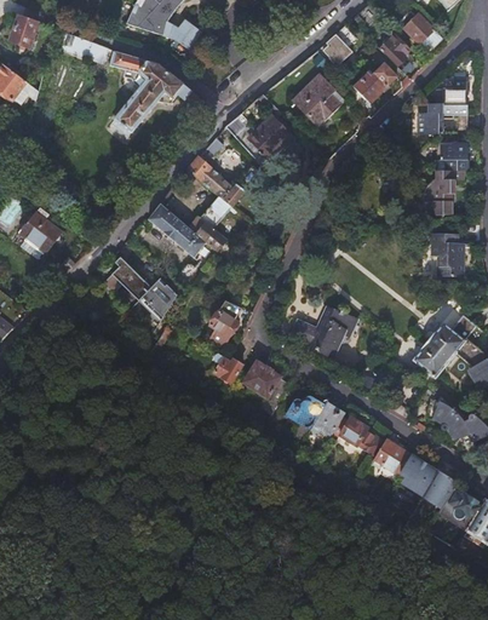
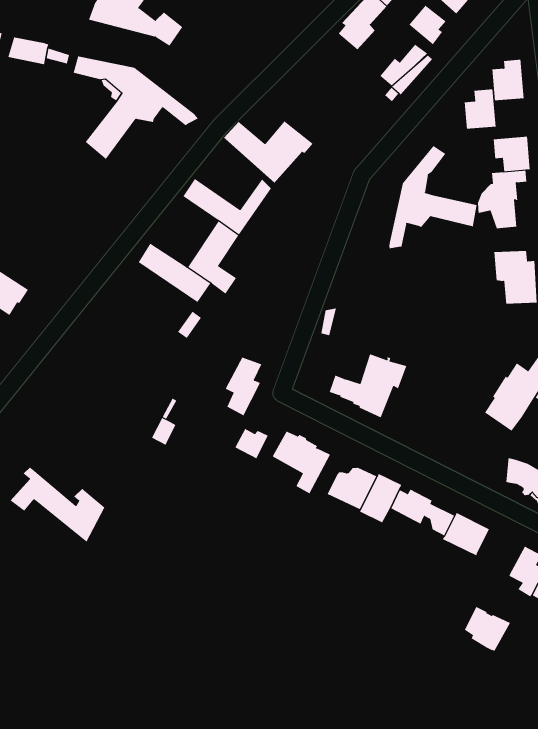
building: [294,75,340,124] -> none
building: none -> [389,145,477,249]
building: [102,257,177,321] -> [10,467,105,543]
building: [400,454,437,492] -> [464,606,511,652]

